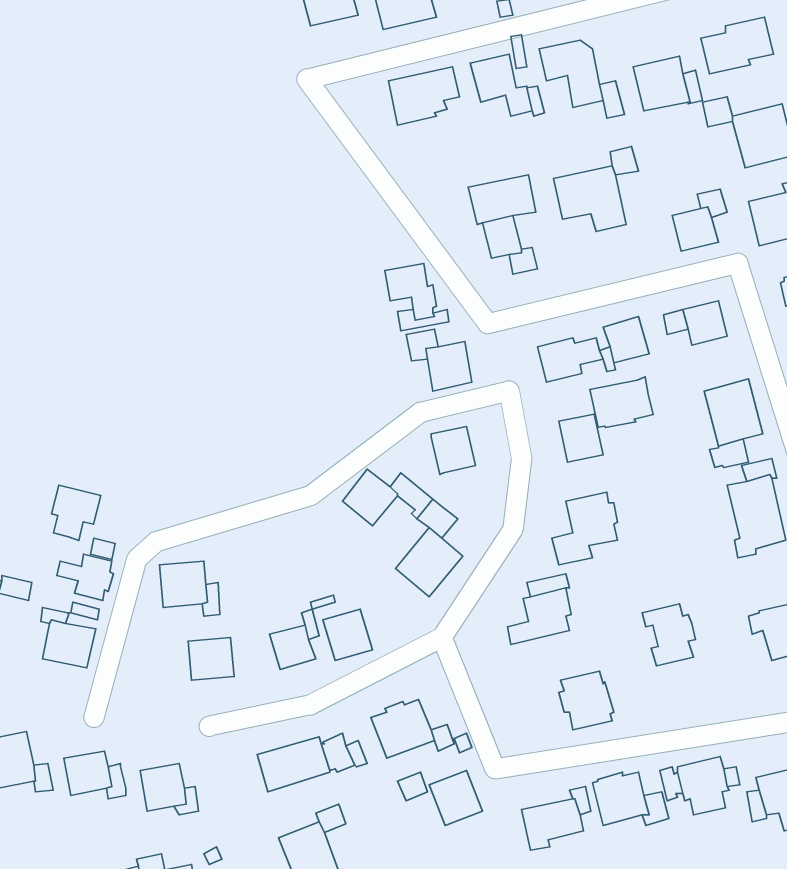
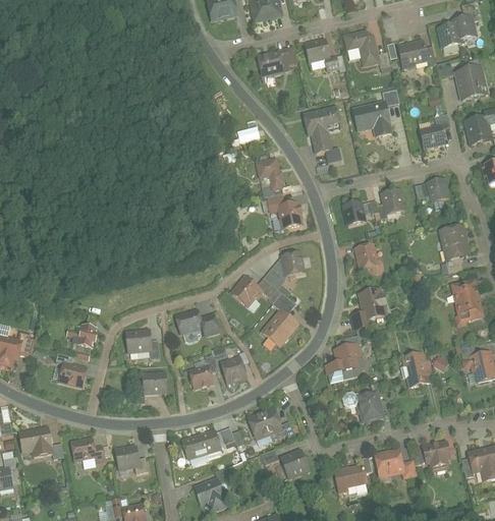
building: [590,377,653,428] -> none
building: none -> [263,255,290,295]
building: [52,485,101,541] -> none
building: none -> [174,306,220,336]

